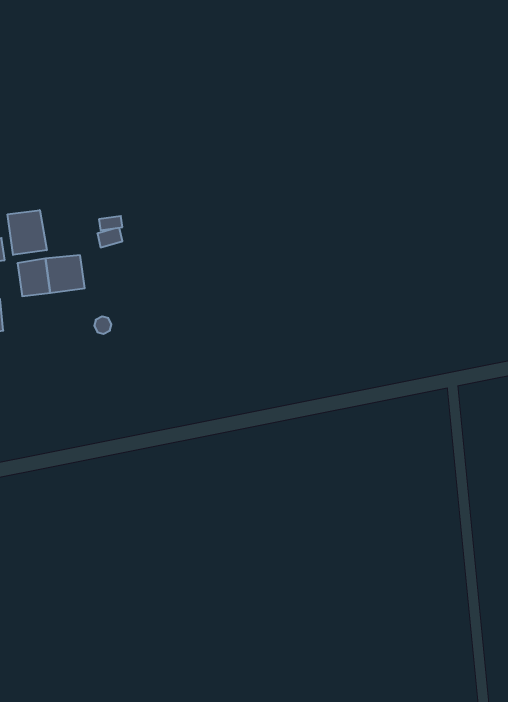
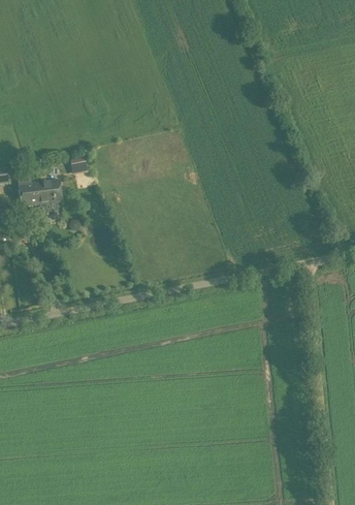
building: [8,210,47,255] -> none

